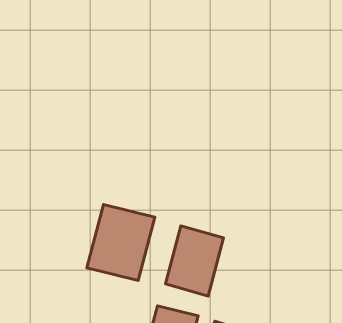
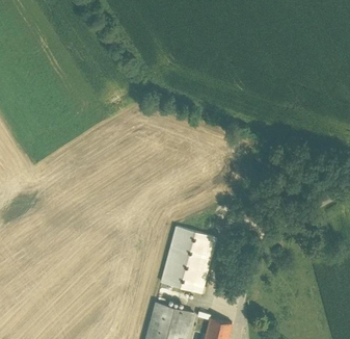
building: [87,204,155,280] -> none

